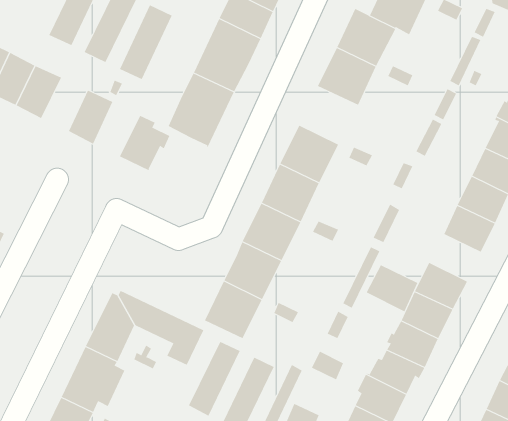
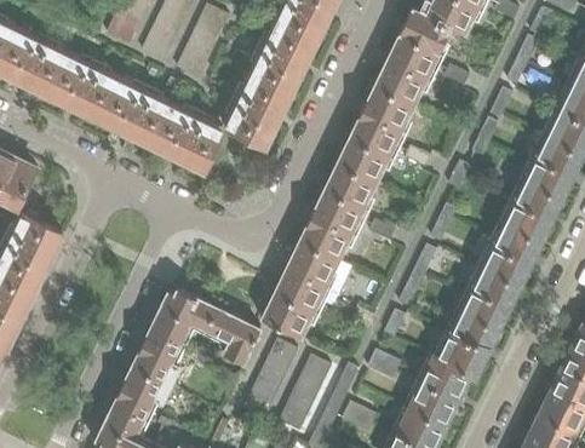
building: none -> [98,79,144,132]
building: none -> [355,87,414,145]
building: none -> [150,103,196,157]
building: [366,265,418,312] -> [484,235,537,282]

